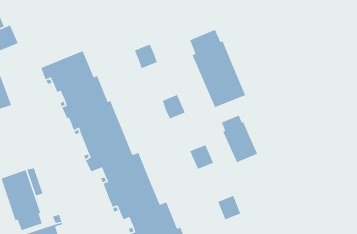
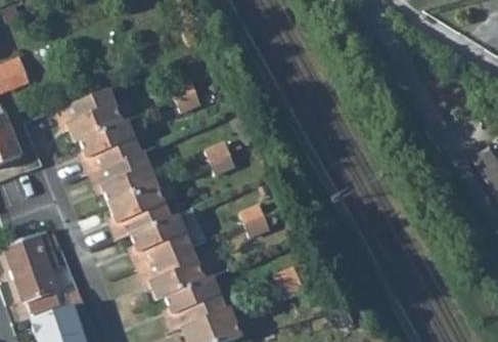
building: [189,29,246,108] -> none
building: [221,114,258,163] -> none

